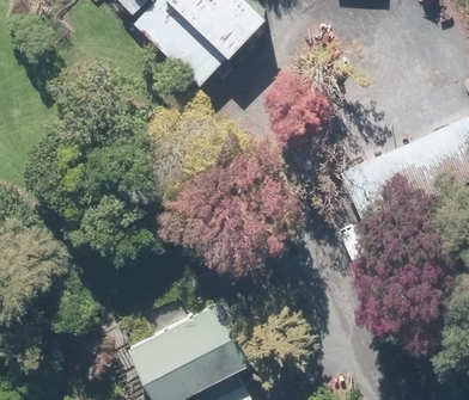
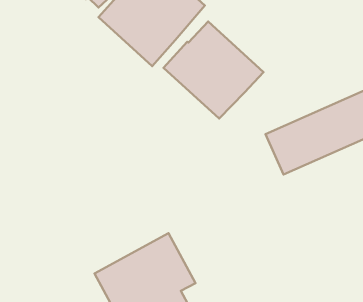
building: none -> [164,22,264,118]

